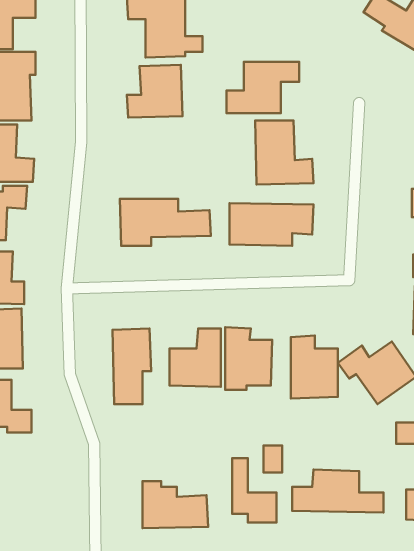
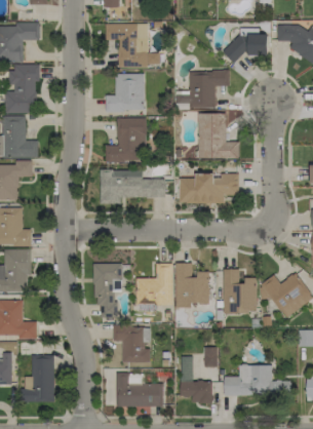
building: none -> [228,34,268,55]
building: none -> [105,117,145,161]
building: none -> [112,325,150,362]
building: none -> [23,354,54,401]

